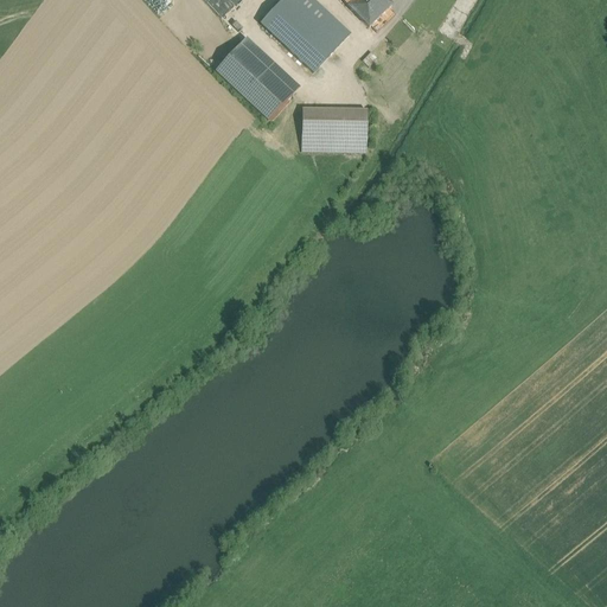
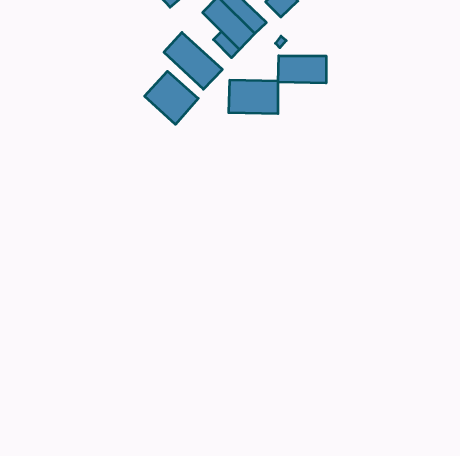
building: none -> [278,56,326,83]
building: none -> [145,71,198,124]

